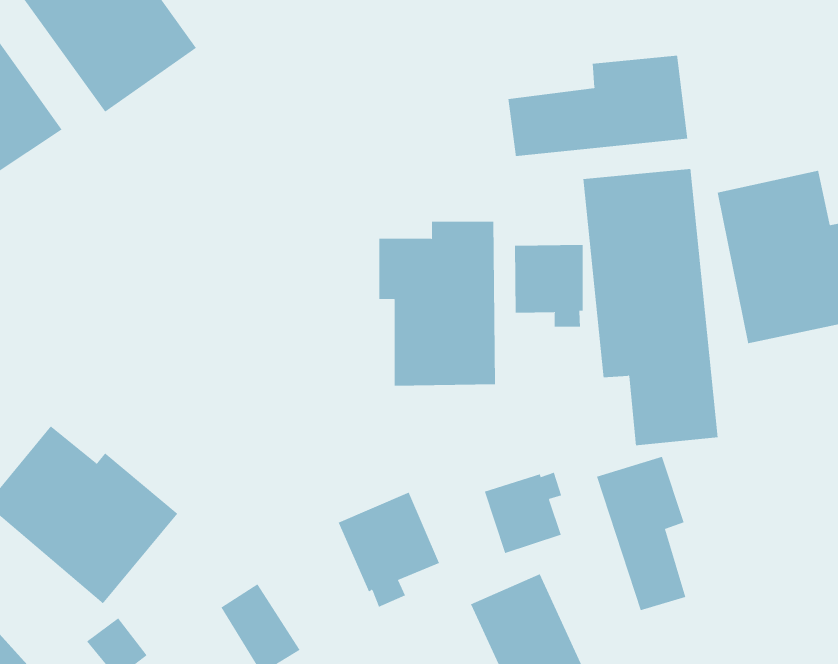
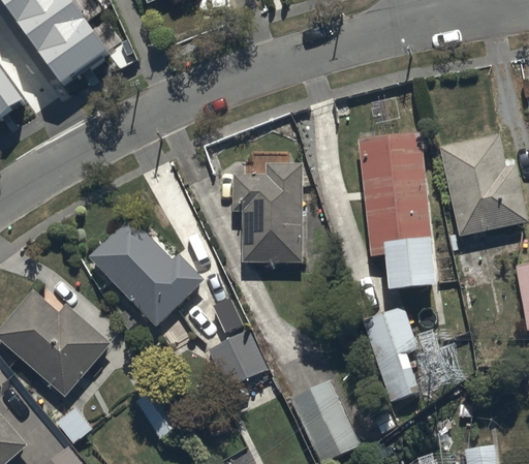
building: [508,55,688,157] -> none
building: [514,244,583,327] -> none
building: none -> [86,215,203,327]
building: [484,472,562,554] -> none

